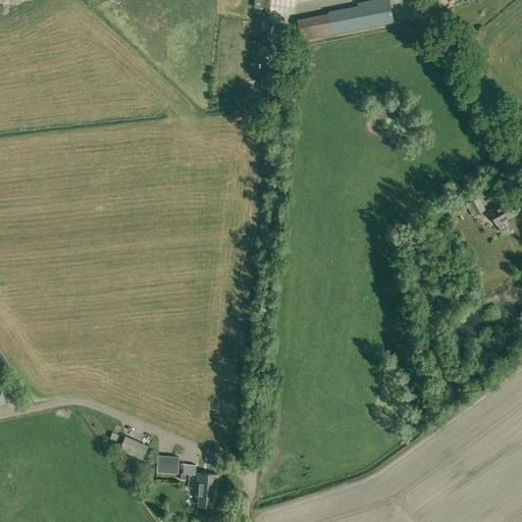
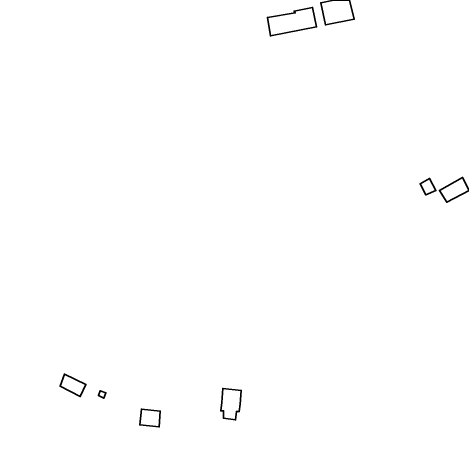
building: [118,436,147,461] -> [60,374,86,396]
building: [195,473,217,508] -> [221,389,241,420]

